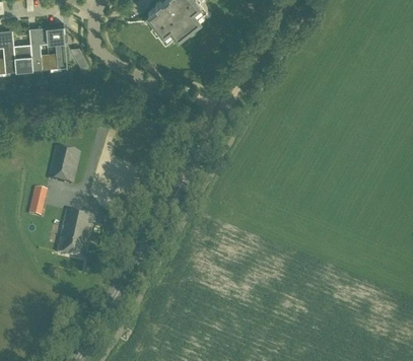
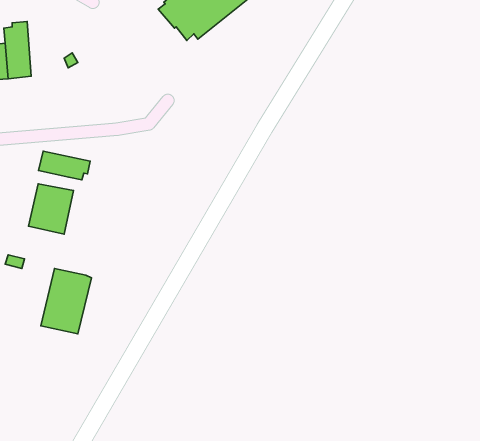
building: [46,25,66,68] -> none
building: none -> [38,151,90,180]

